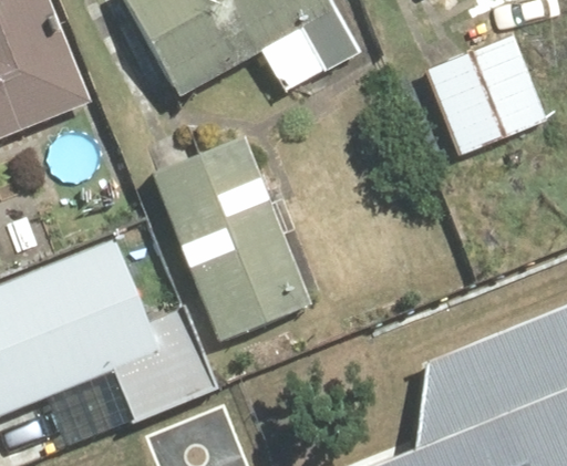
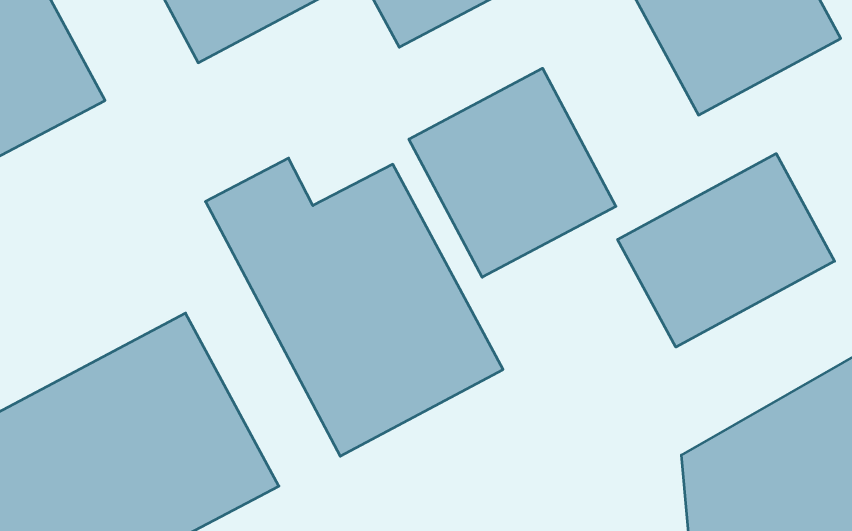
building: none -> [409,68,616,277]
building: none -> [618,154,835,347]

